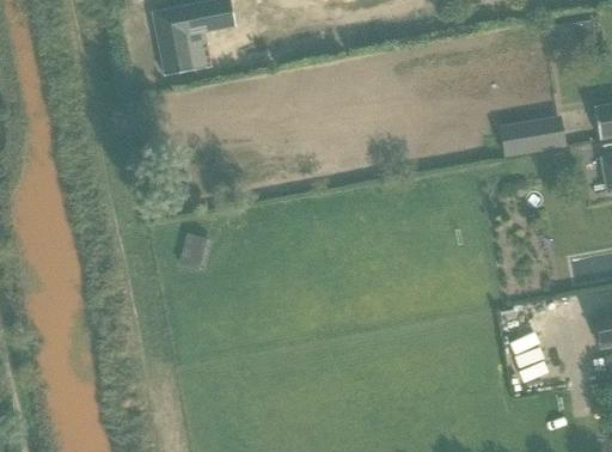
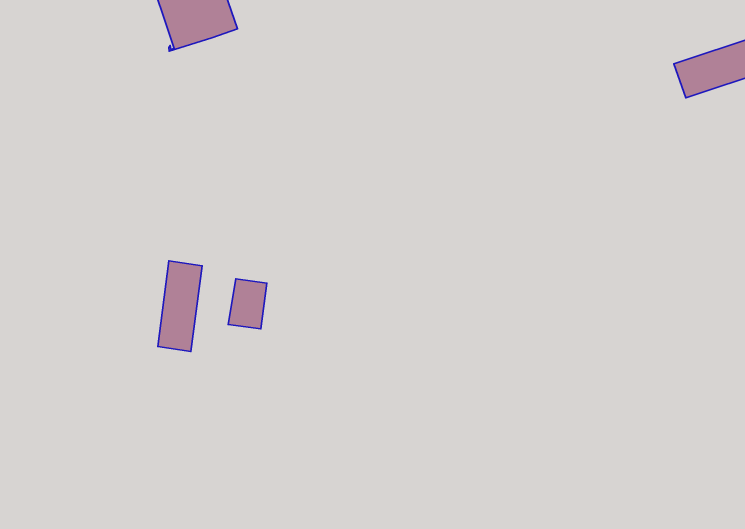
building: none -> [158,261,202,352]

